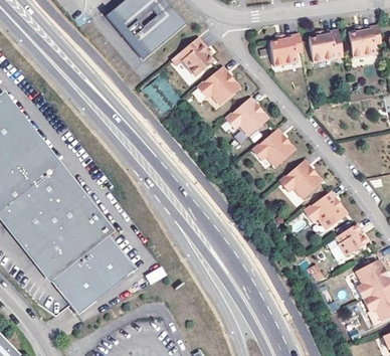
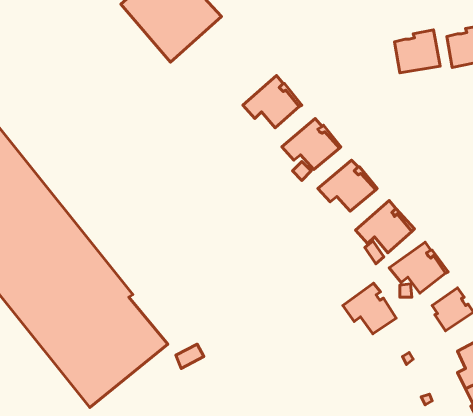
building: [270,35,303,67] -> none
building: [170,38,214,76] -> none
building: none -> [343,283,396,334]

